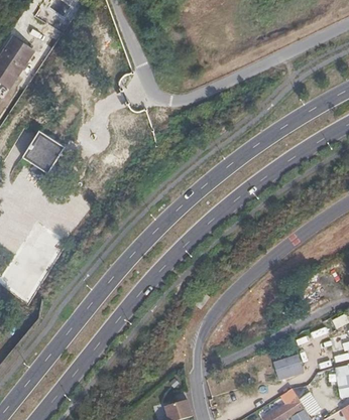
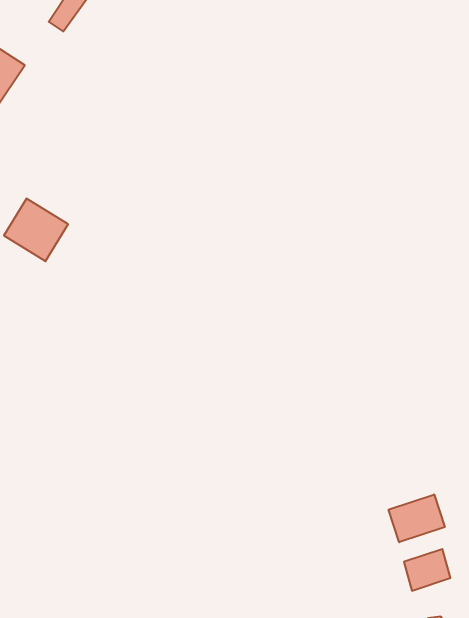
building: none -> [389,494,445,542]

